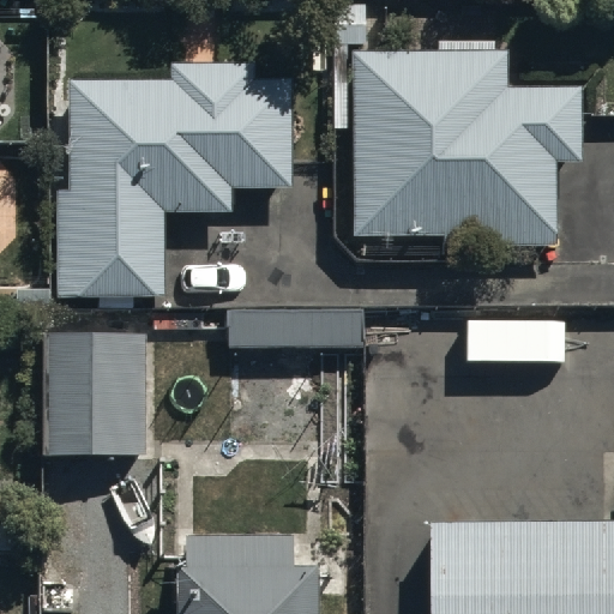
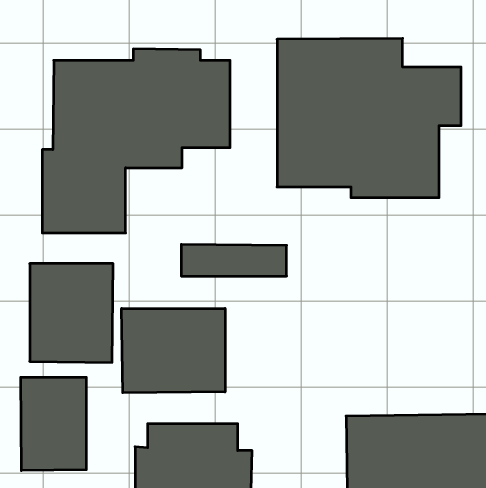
building: none -> [122,308,225,393]
building: none -> [21,377,86,471]

